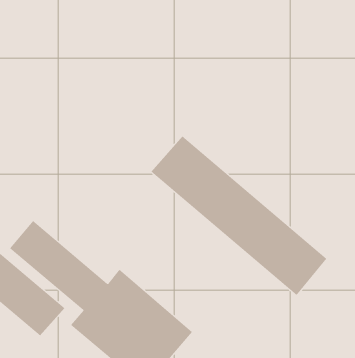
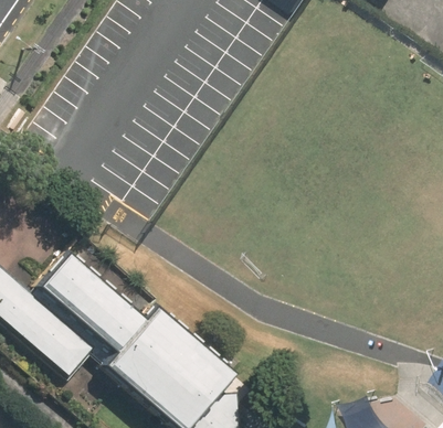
building: [151,135,327,296] -> none

